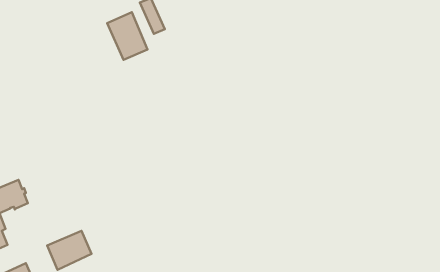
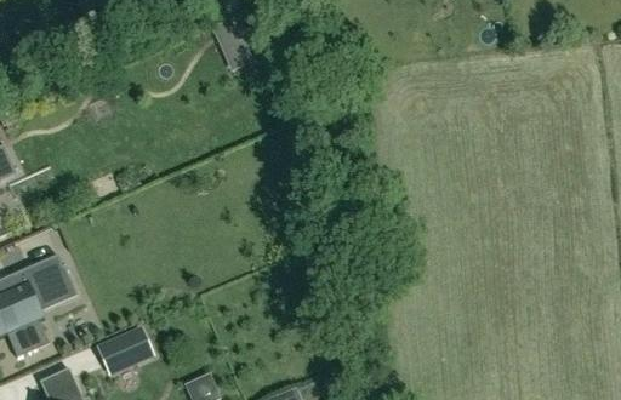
building: [107,12,147,60] -> none

